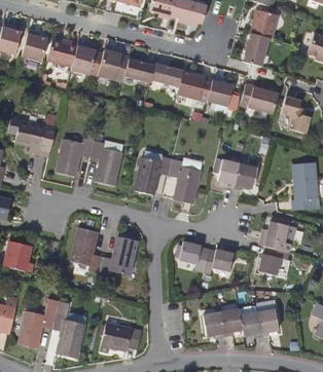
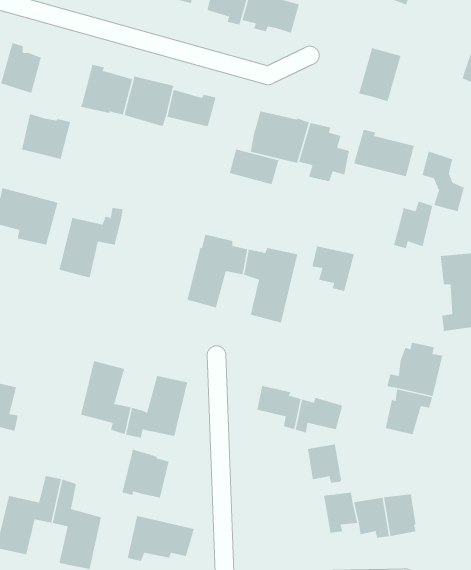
building: [249,9,278,39] -> none
building: [46,38,77,67] -> [21,113,71,160]
building: [150,64,182,86] -> [229,148,281,185]
building: [92,139,123,185] -> none
building: [234,156,258,186] -> [393,200,433,249]
building: none -> [121,449,169,498]
building: [203,309,224,334] -> [307,444,342,484]

